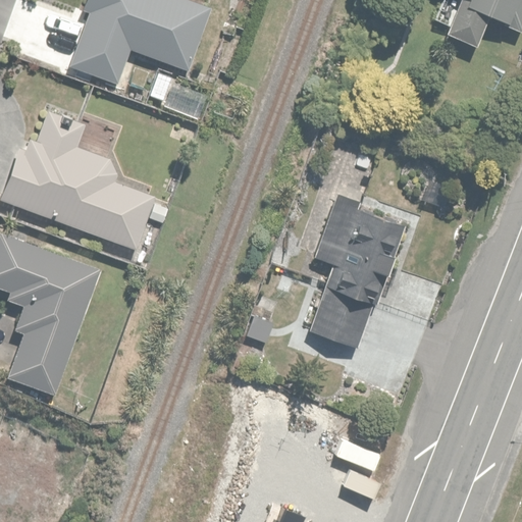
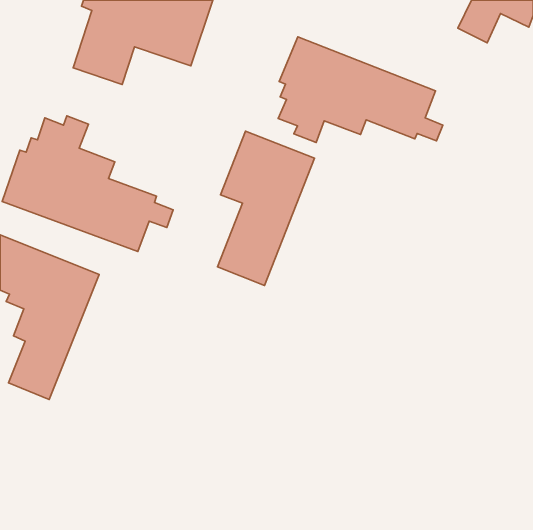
building: none -> [278,37,443,142]
building: [310,197,405,348] -> [217,131,314,286]

